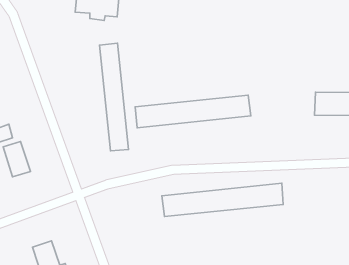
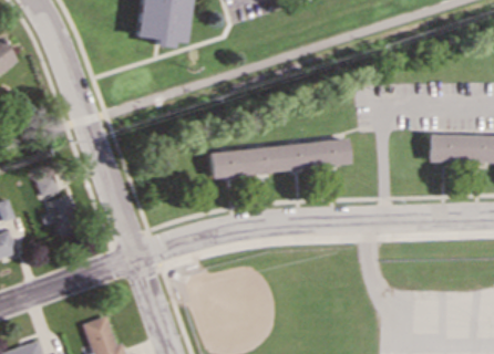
building: [100,43,129,151] -> none
building: [162,183,283,217] -> none

